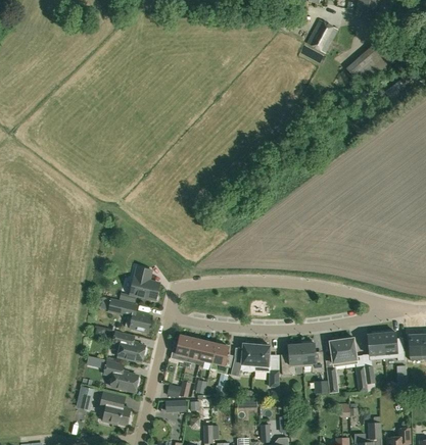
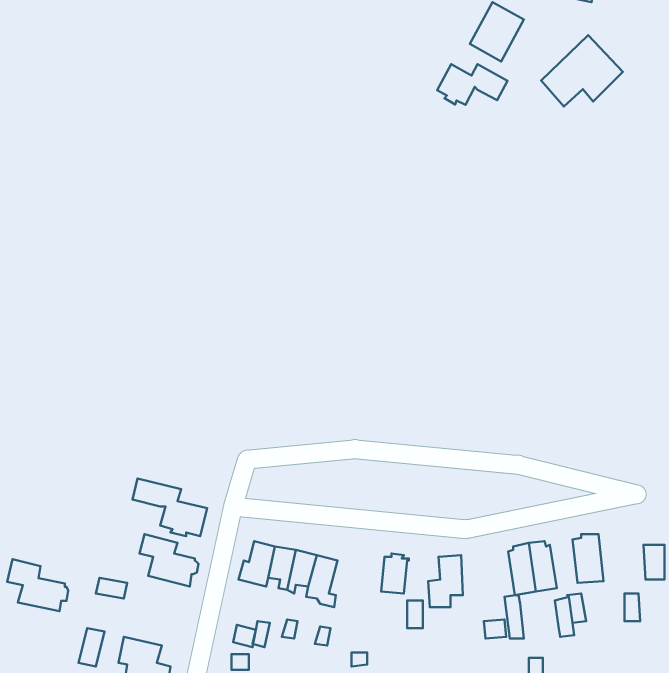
building: none -> [437,64,508,105]
building: [130,266,159,300] -> none
building: [382,330,405,360] -> none
building: [301,340,324,372] -> none
building: [230,341,256,377] -> none
building: [104,360,140,391] -> [7,559,68,611]

